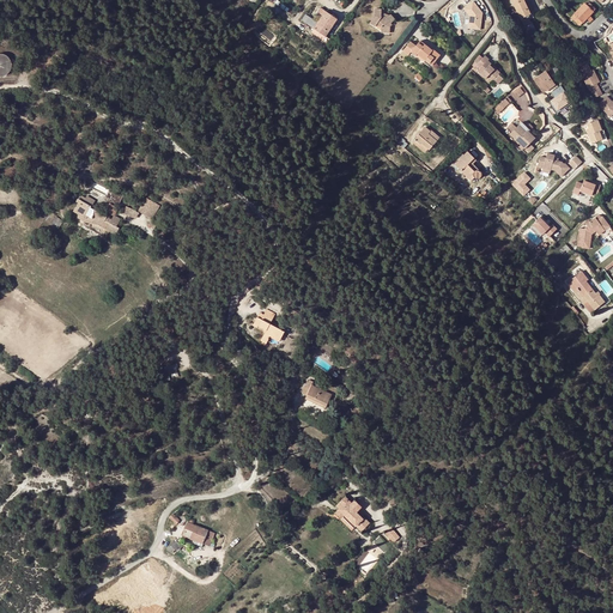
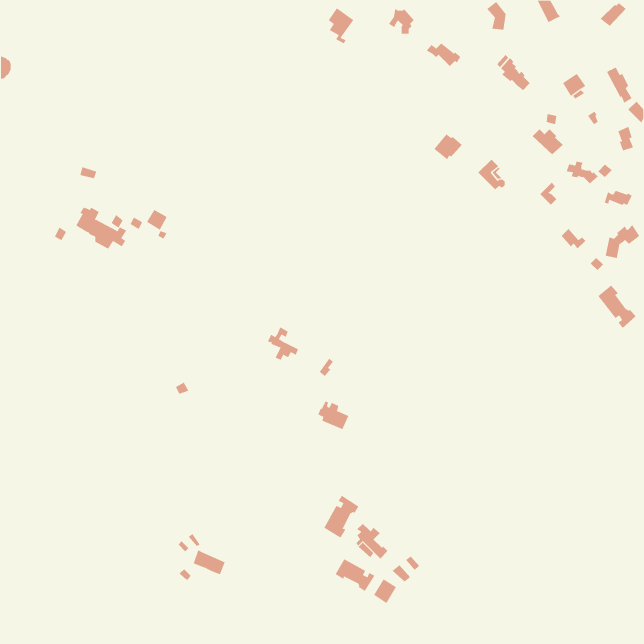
building: none -> [323,495,359,538]
building: none -> [335,559,375,592]

